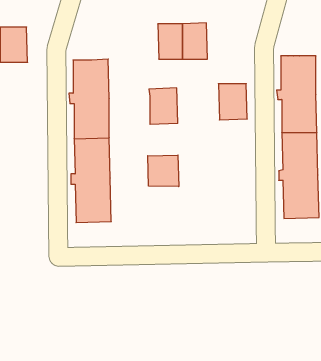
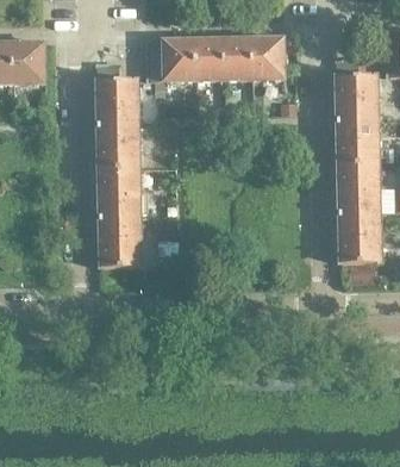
building: [218,84,247,120] -> [250,37,283,79]
building: [149,88,178,124] -> [162,38,195,80]
building: [148,155,179,187] -> none

